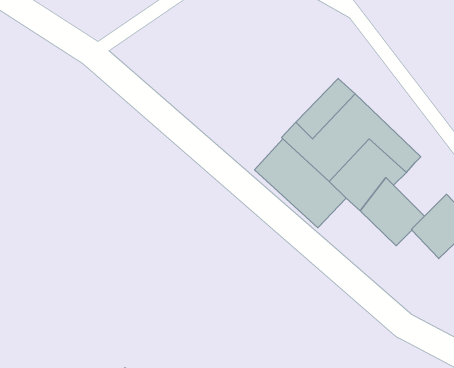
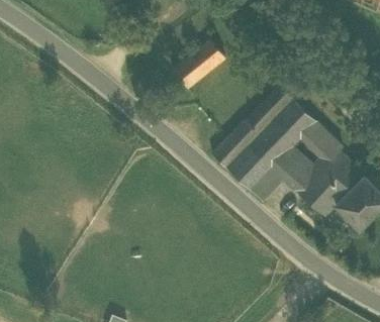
building: none -> [174,40,226,89]
building: none -> [323,152,365,195]

